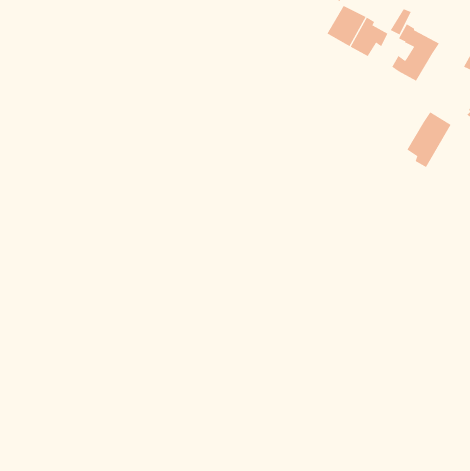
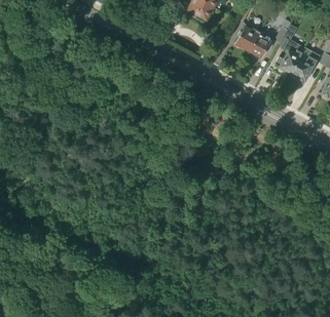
building: [406,111,451,168] -> [291,48,319,83]

